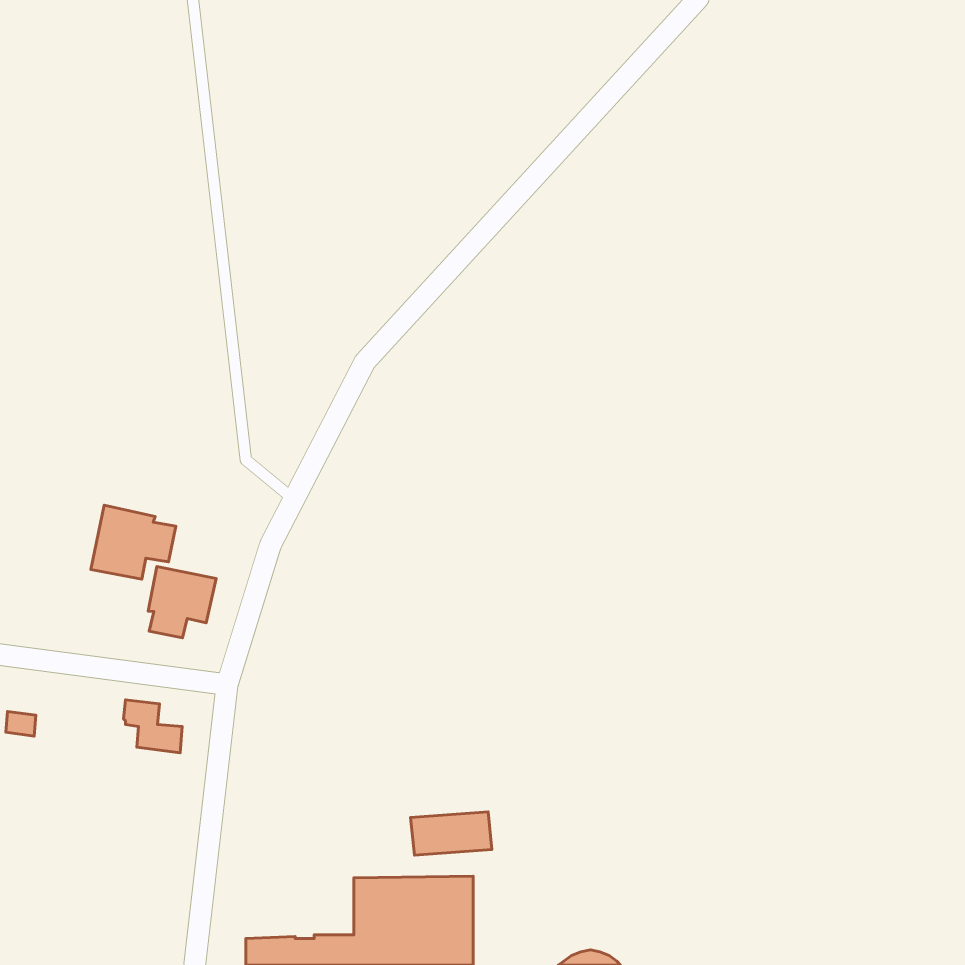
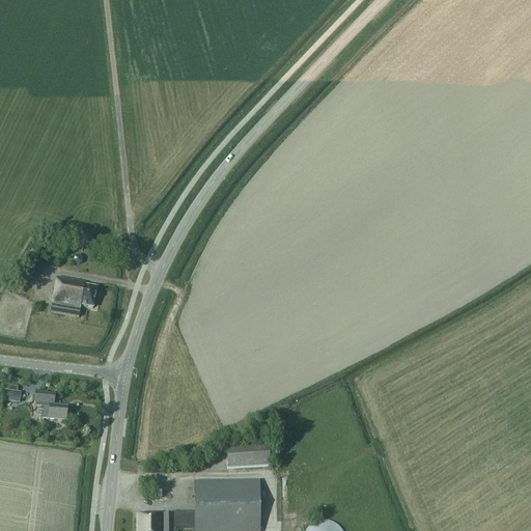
building: [148,566,216,638] -> none
building: [123,700,182,753] -> [35,392,67,421]

